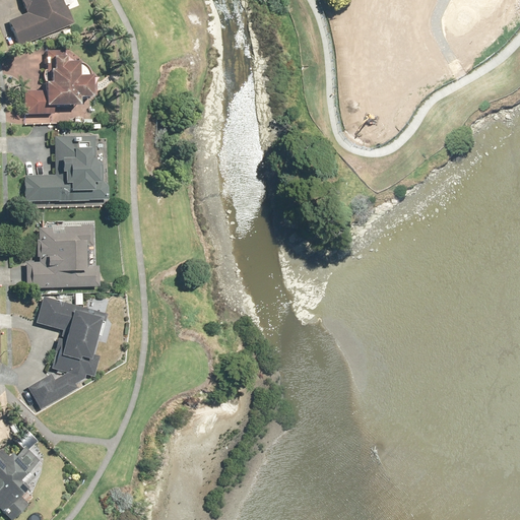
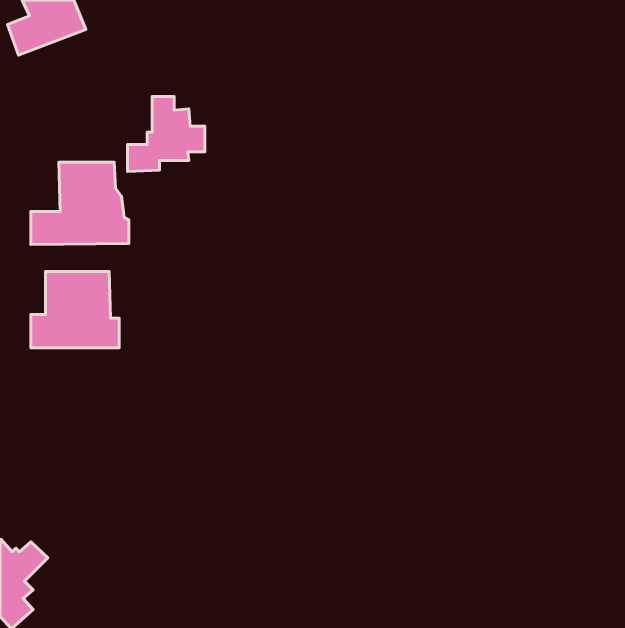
building: [24,51,88,113] -> [128,97,205,172]
building: [28,298,108,407] -> none

